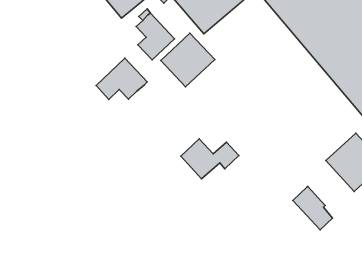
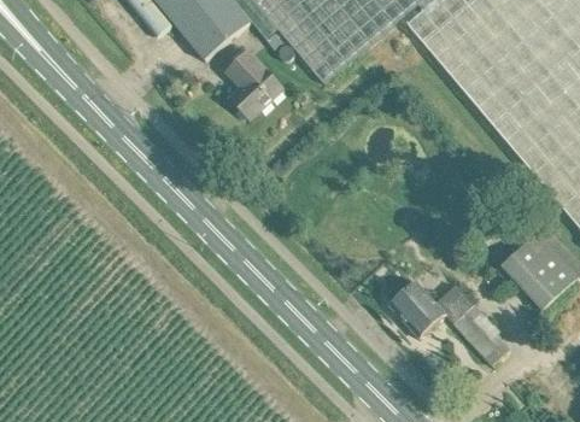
building: [161,33,215,87] -> none
building: [96,58,147,99] -> none
building: [181,139,239,179] -> [391,280,475,338]

